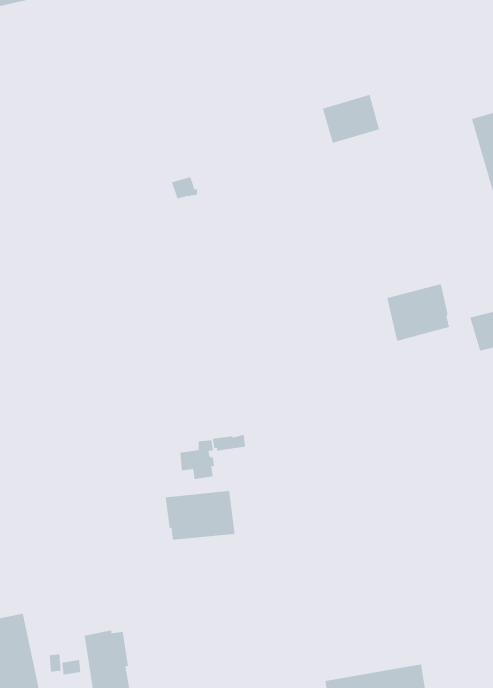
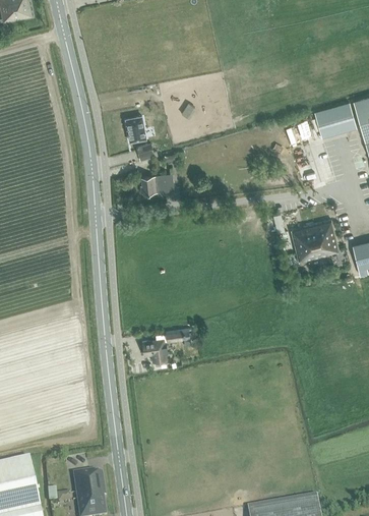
building: [322,94,380,144] -> [314,103,356,138]
building: none -> [125,117,145,141]
building: none -> [139,174,174,196]
building: [165,490,235,540] -> none

